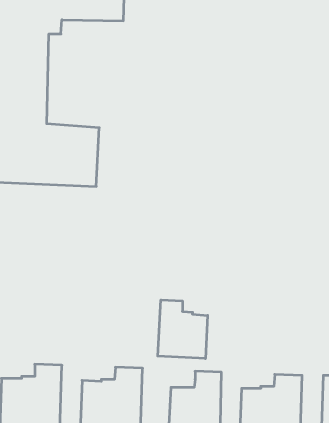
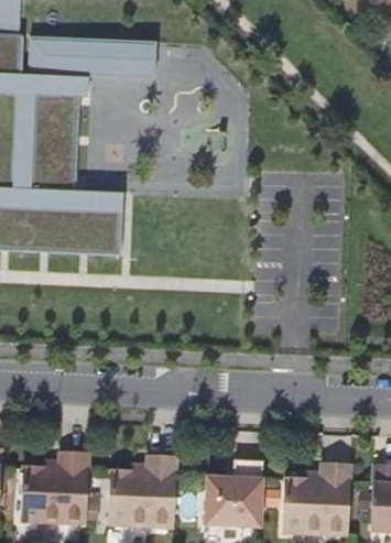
building: [158,300,208,359] -> none

